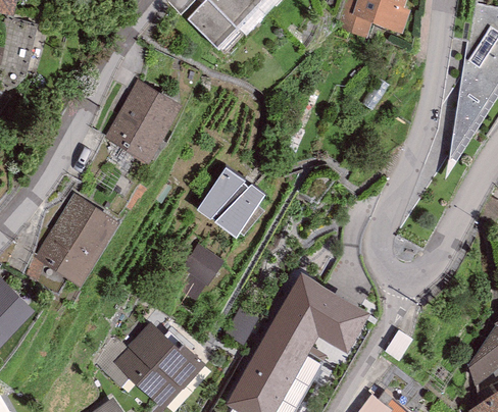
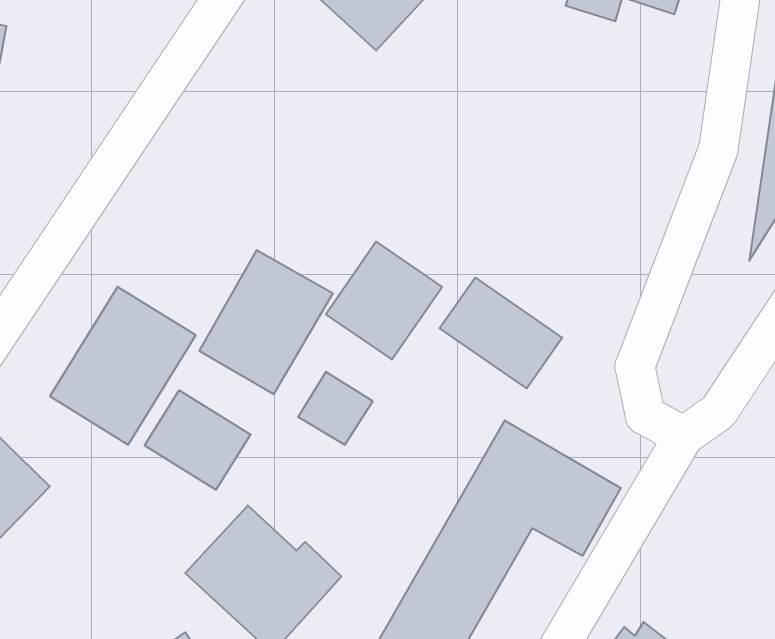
building: [103,80,182,164] -> [199,250,333,394]
building: none -> [440,278,562,388]
building: none -> [145,390,251,490]

